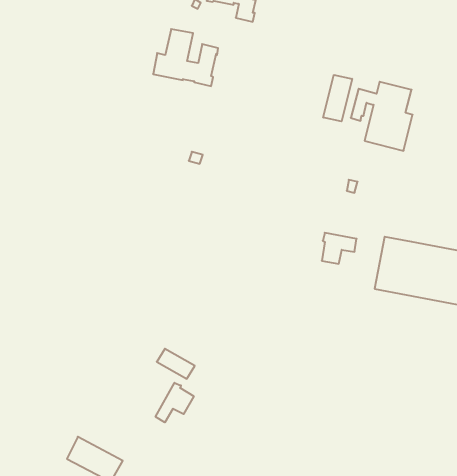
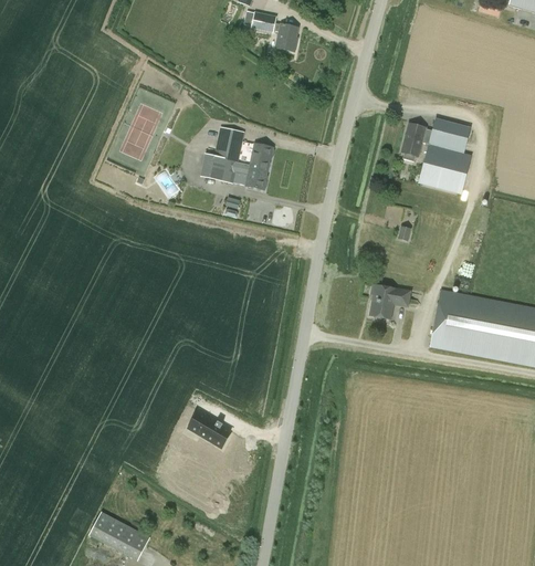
building: [153,29,218,86] -> [200,127,272,190]
building: [323,75,352,121] -> none
building: [156,383,194,422] -> none

